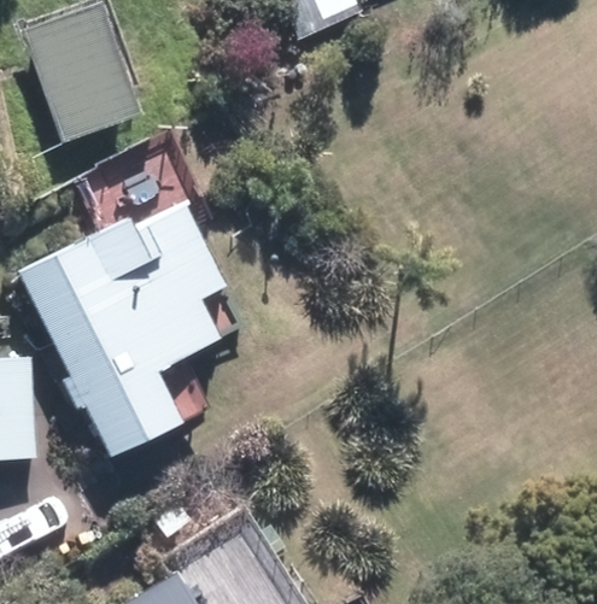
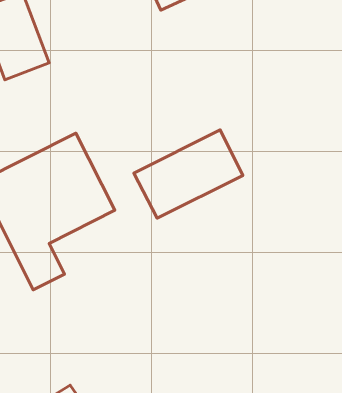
building: none -> [134,130,243,218]

